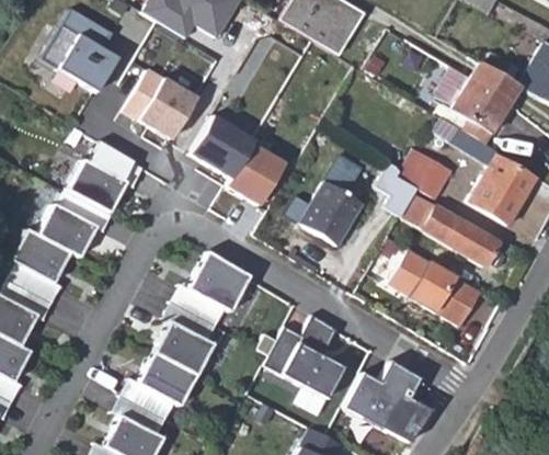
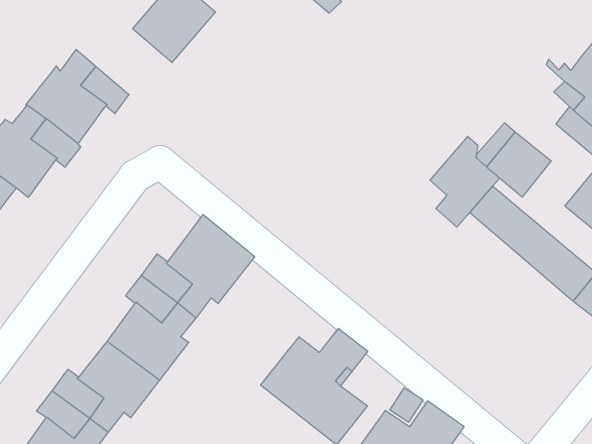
building: [188,120,282,208] -> none
building: [298,159,362,249] -> none
building: [387,253,479,331] -> none

